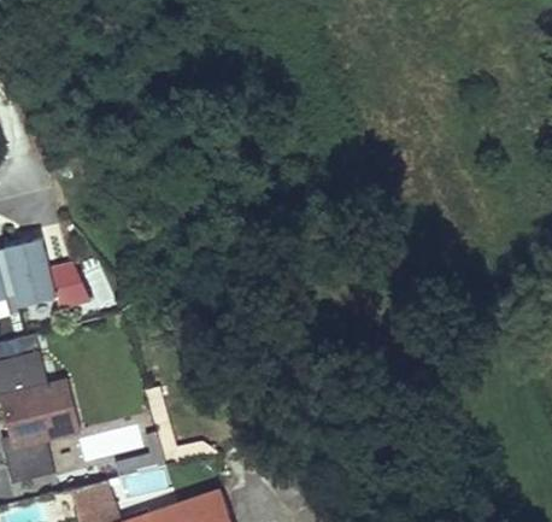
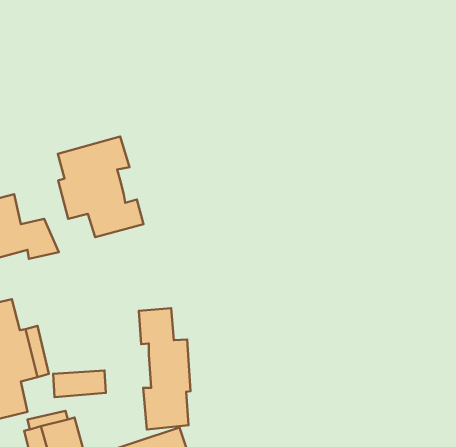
building: none -> [58,137,143,237]
building: none -> [139,308,190,429]

